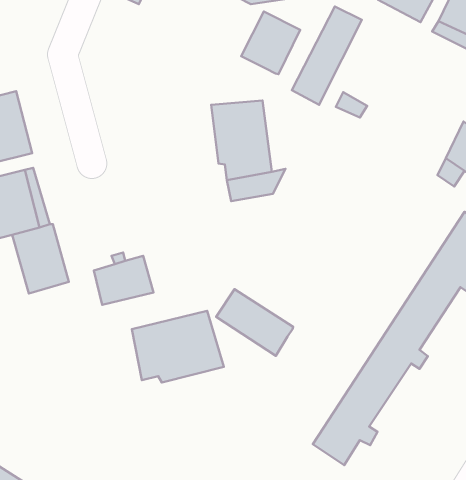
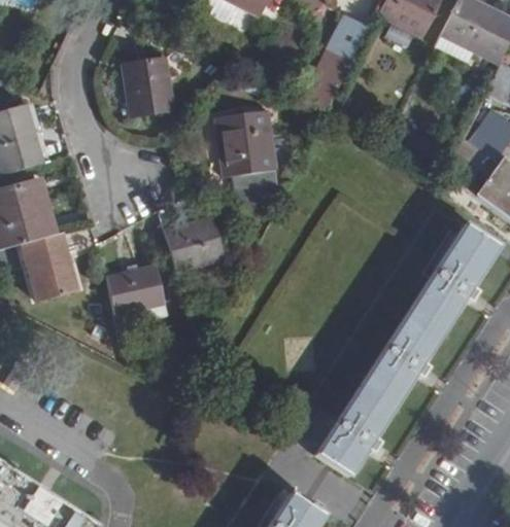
building: [241,11,300,74] -> none
building: none -> [126,63,174,118]
building: none -> [165,215,224,268]
building: [216,289,293,356] -> none
building: [132,311,224,382] -> none

